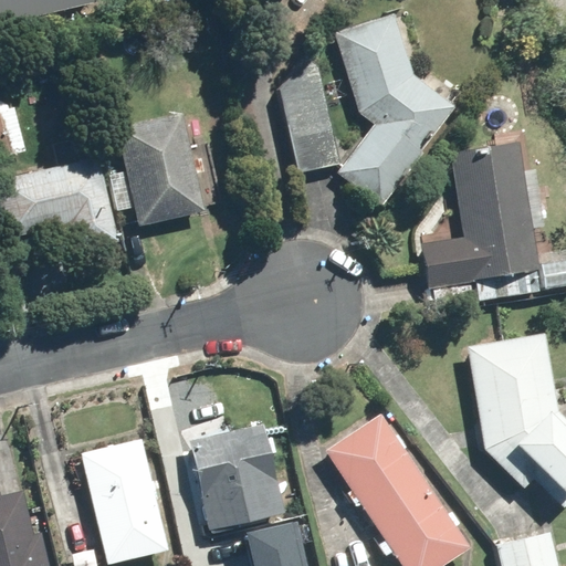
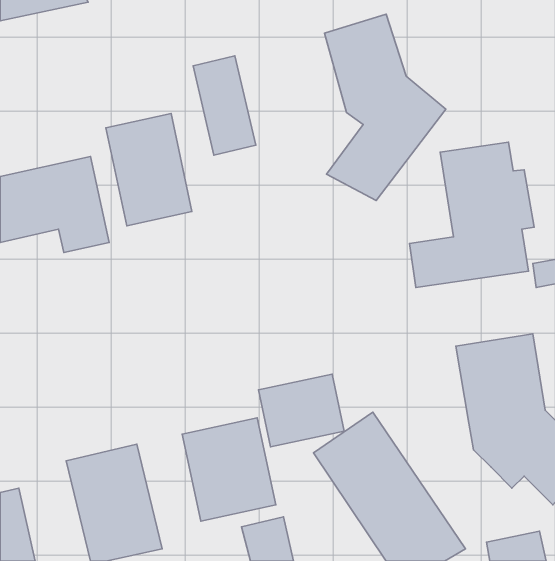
building: [277,69,340,168] -> [193,56,256,155]
building: none -> [258,374,344,447]

